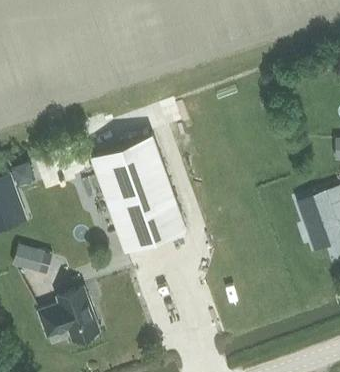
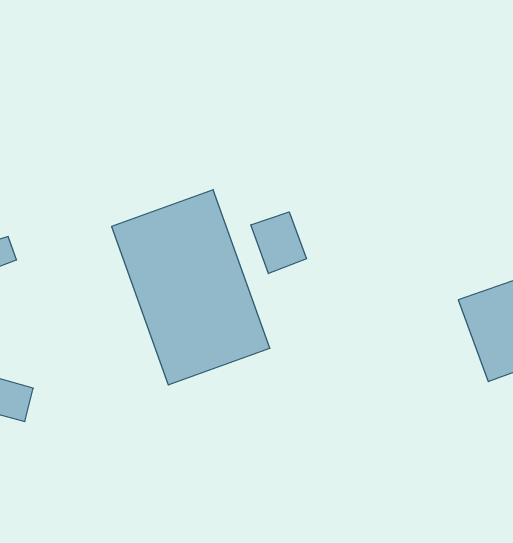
building: none -> [251,212,306,274]
building: [38,289,100,342] -> none

